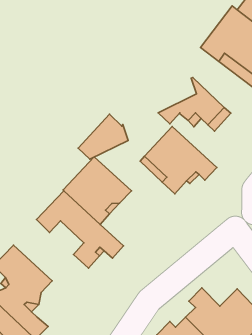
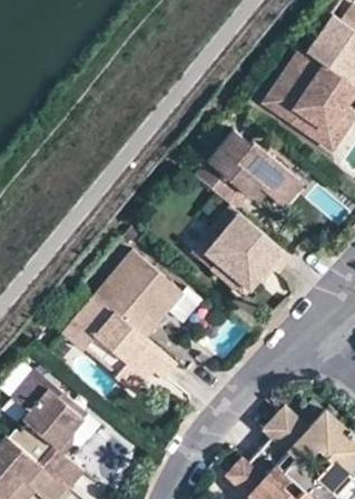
building: [78,114,128,159] -> [197,130,260,189]

